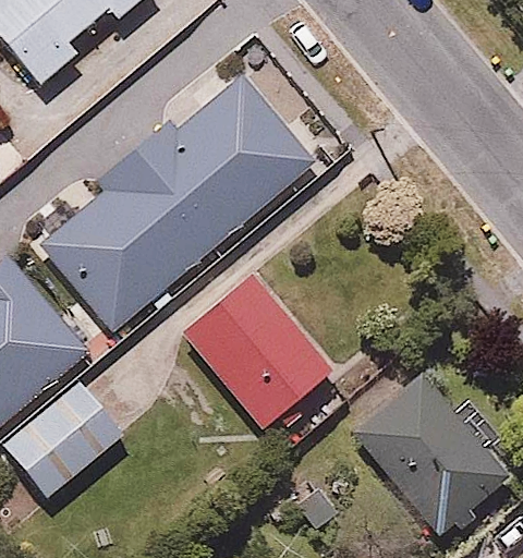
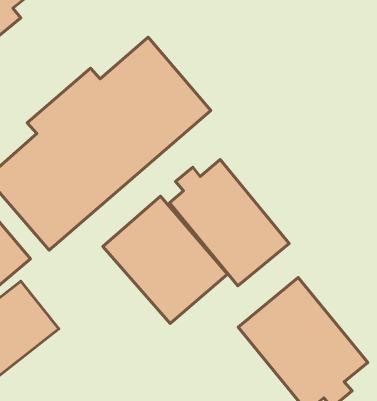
building: none -> [170,160,289,286]

